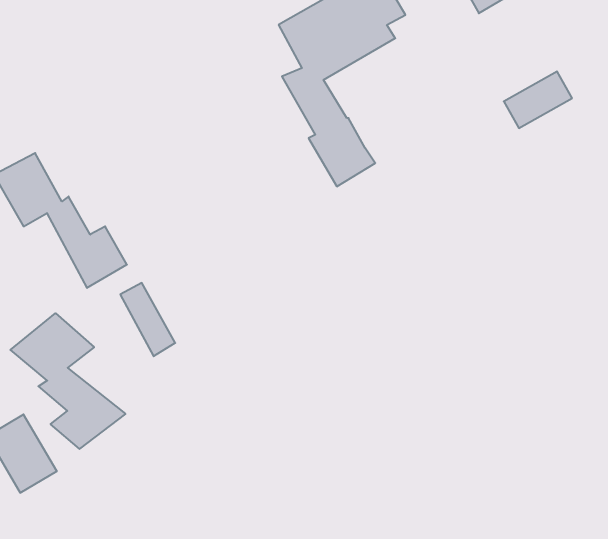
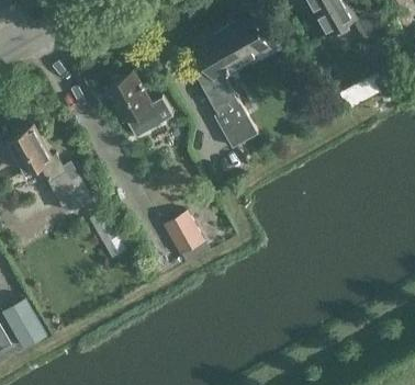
building: none -> [108,73,172,137]
building: none -> [162,212,205,256]
building: [10,313,125,449] -> none

